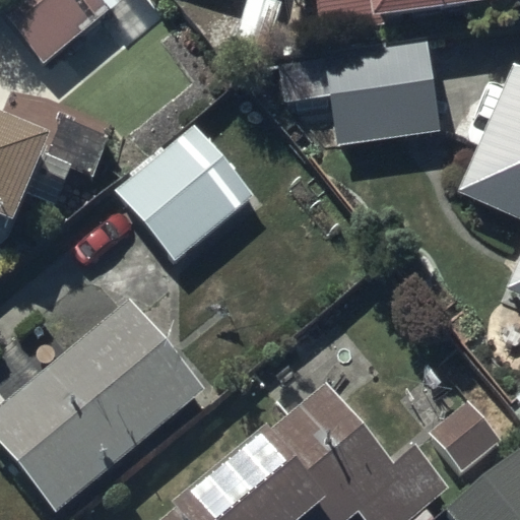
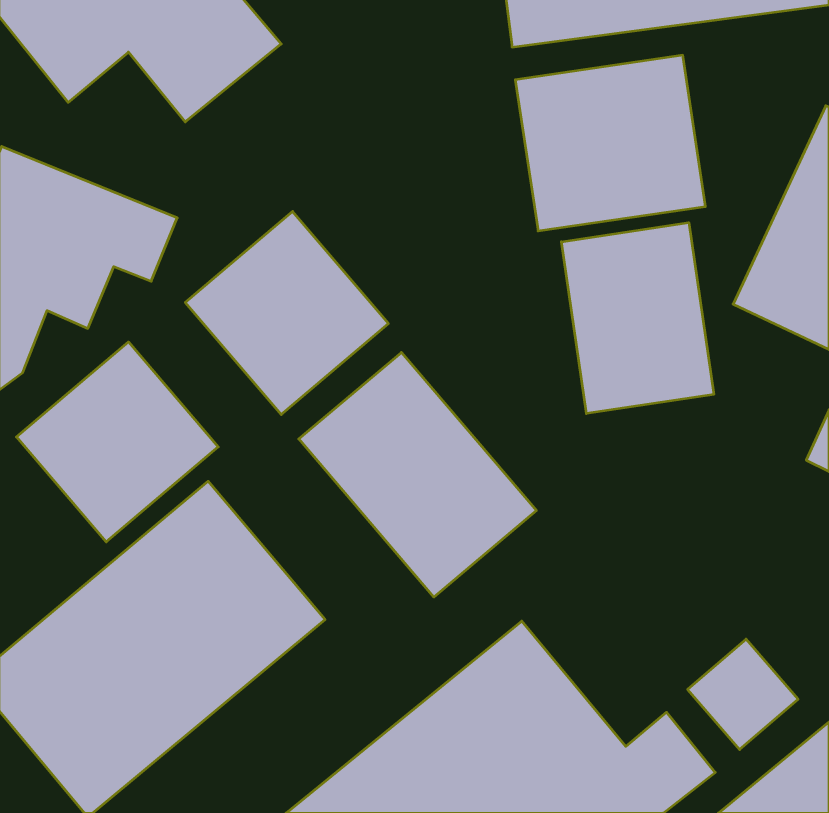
building: none -> [561,223,714,414]
building: none -> [16,342,218,542]
building: none -> [299,352,536,597]

